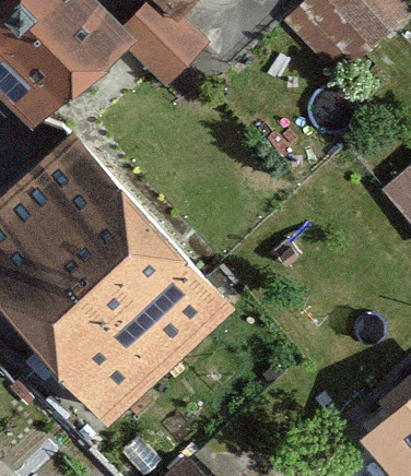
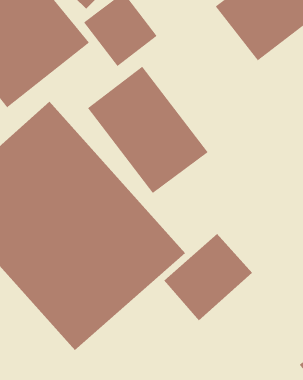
building: none -> [87,66,209,194]
building: none -> [163,233,253,321]

